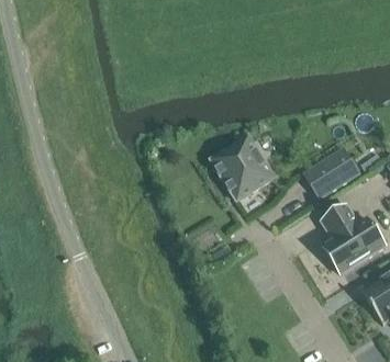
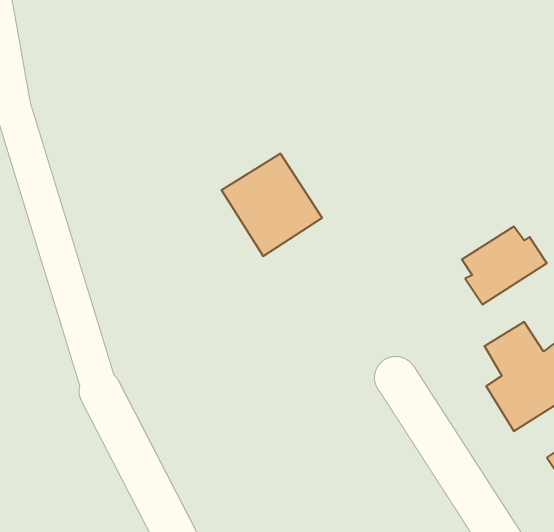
building: [212,138,276,203] -> [221,154,322,256]

